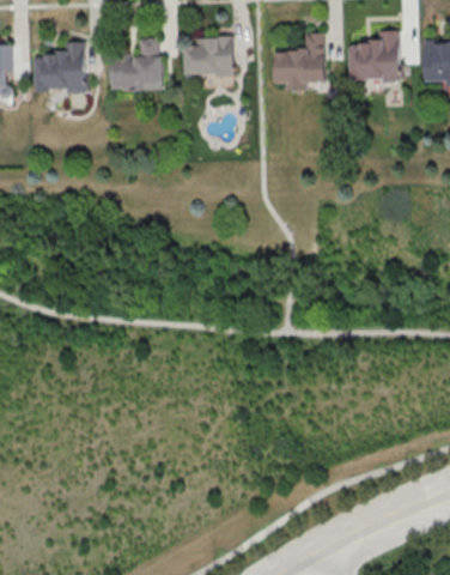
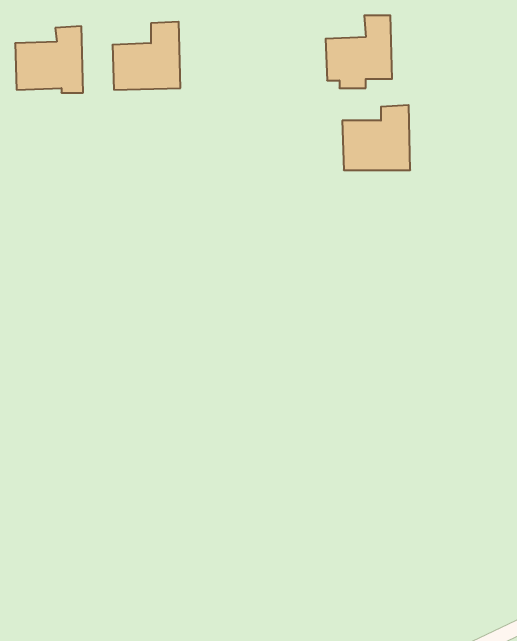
building: [348,30,401,80] -> [342,105,410,170]
building: [184,36,233,75] -> none

